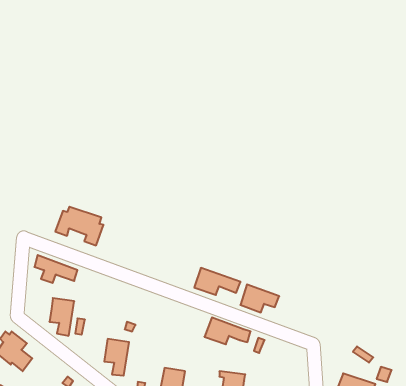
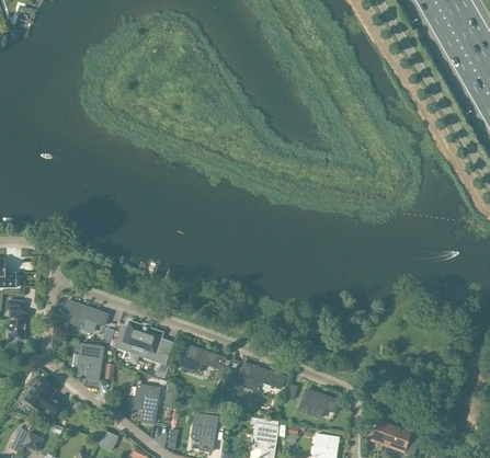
building: [55,207,104,245] -> [115,321,164,360]
building: [194,268,241,295] -> [178,344,225,371]
building: [240,284,279,312] -> [299,389,339,417]

